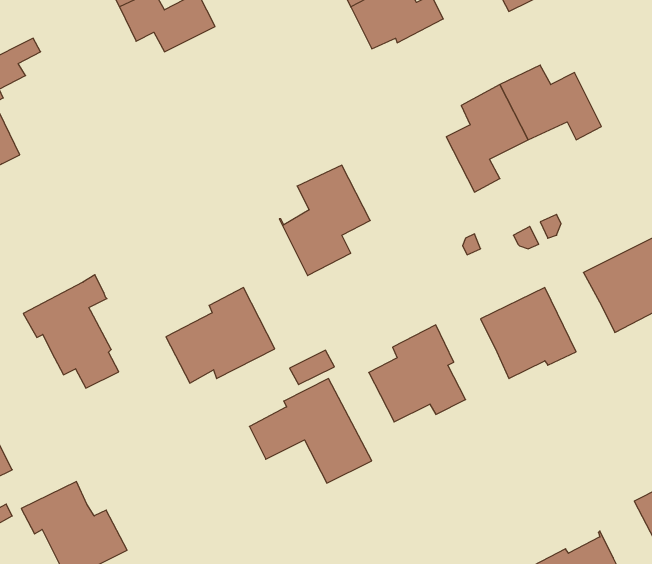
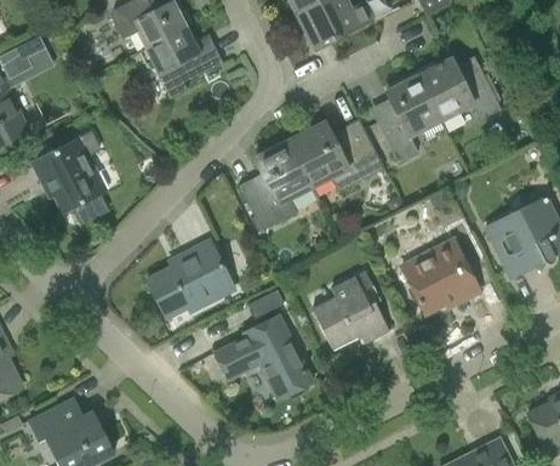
building: none -> [145,27,223,98]
building: none -> [290,118,384,191]
building: [23,275,119,388] -> [32,130,109,222]

